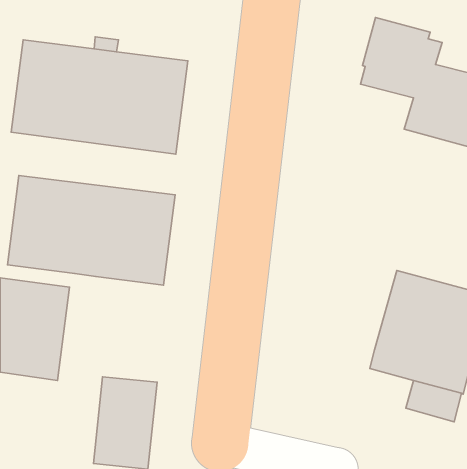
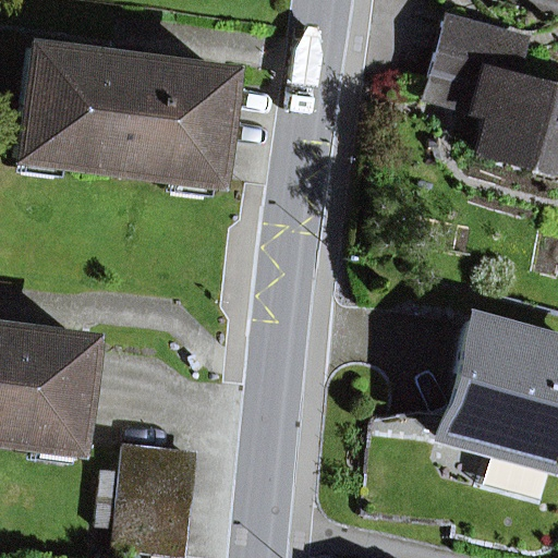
building: [7,175,175,285] -> none

